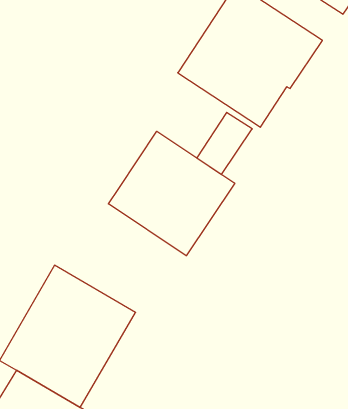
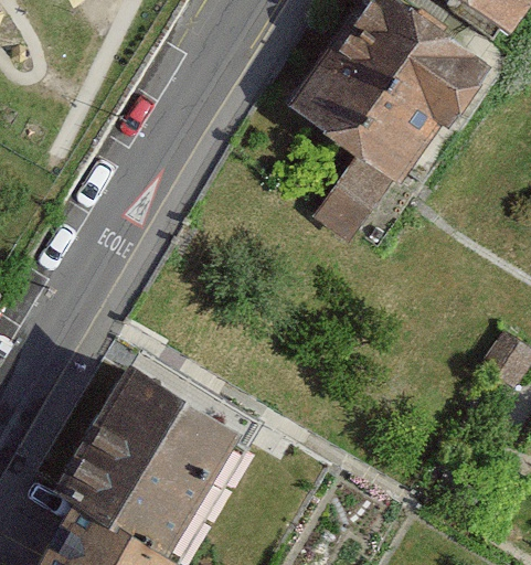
building: [108,131,235,256] -> none

